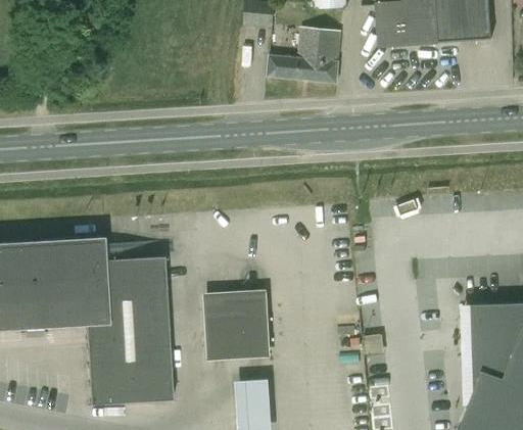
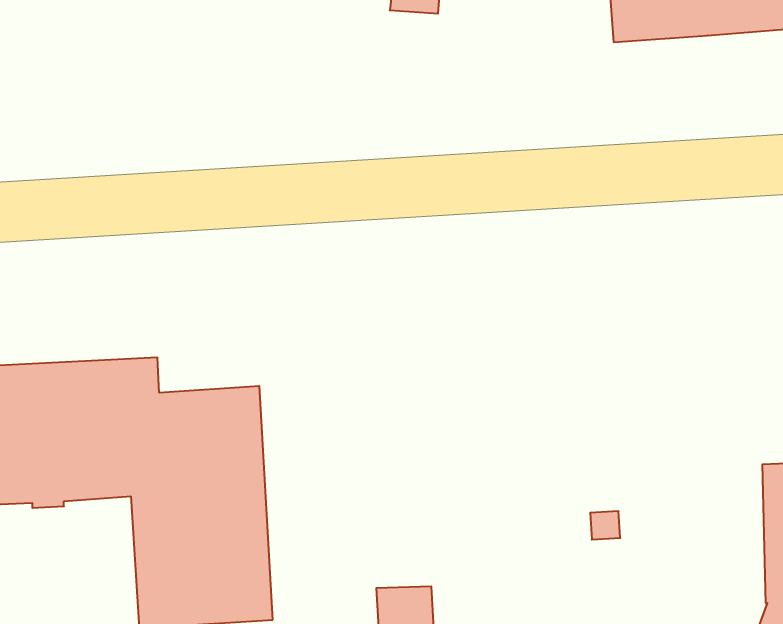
building: [268,28,340,82] -> none
building: [204,290,271,360] -> none

